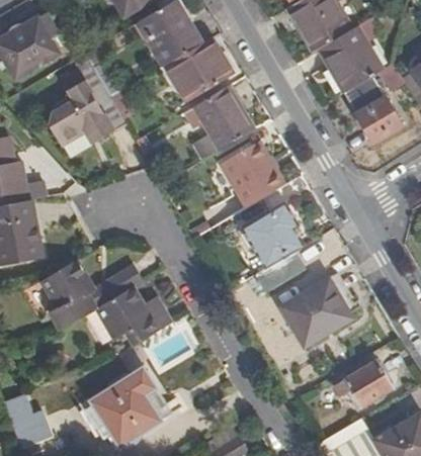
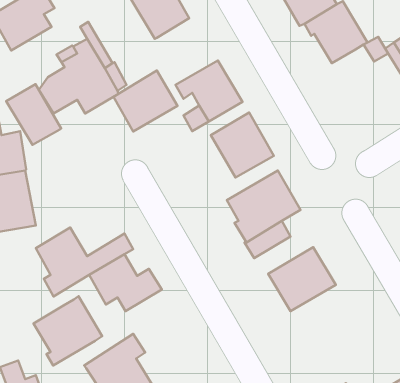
building: [166,37,232,100] -> [113,70,177,131]
building: [341,77,401,144] -> none
building: none -> [6,84,61,145]
building: none -> [34,296,102,365]
building: [334,361,393,406] -> none

